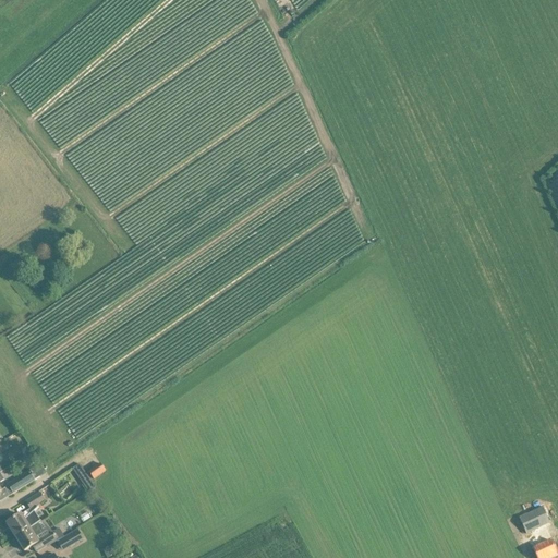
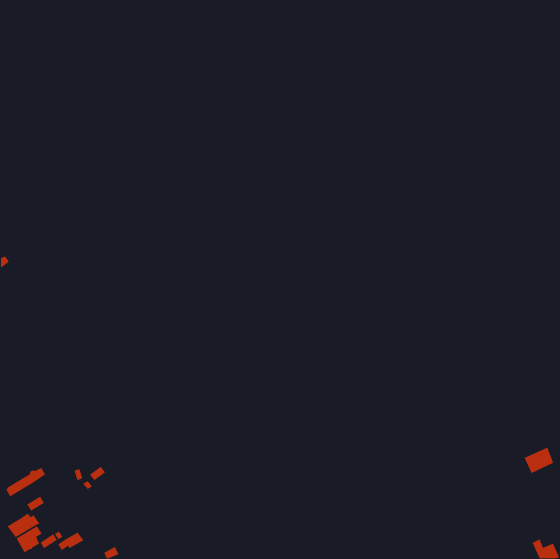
building: [519,506,549,533] -> [524,447,554,474]

